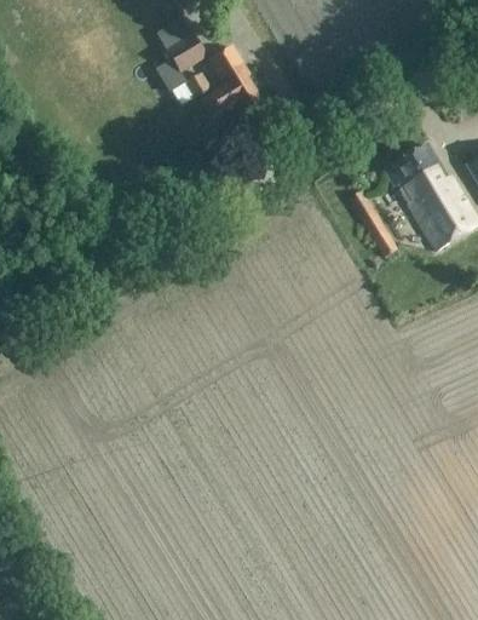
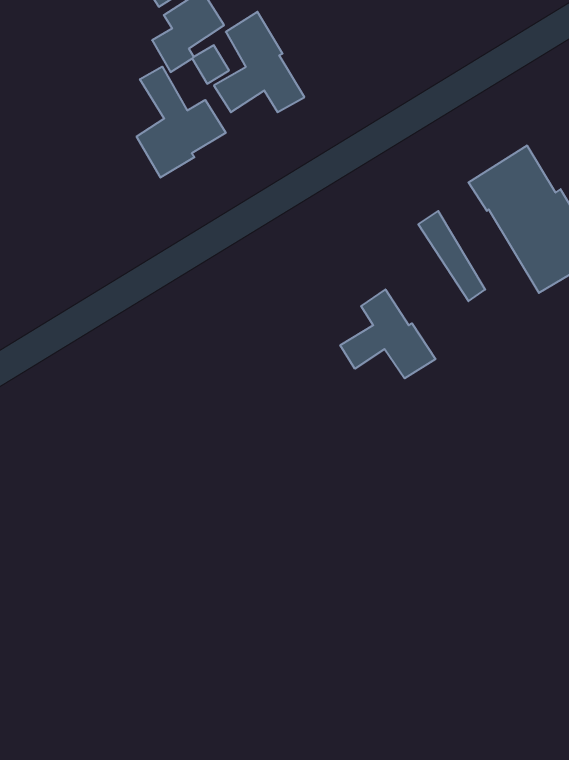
building: none -> [137,67,226,178]
building: none -> [340,289,435,378]

